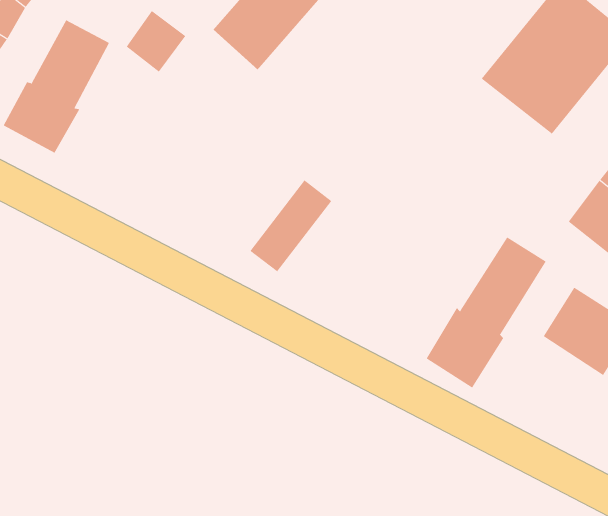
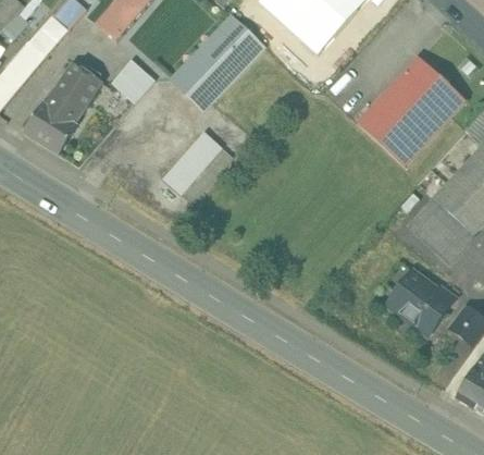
building: [250,179,332,272] -> [163,131,223,194]
building: [426,236,546,388] -> none

